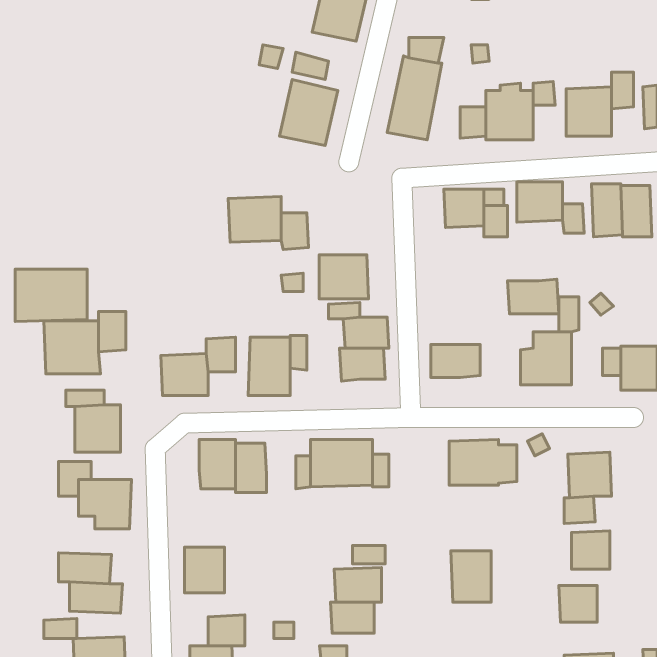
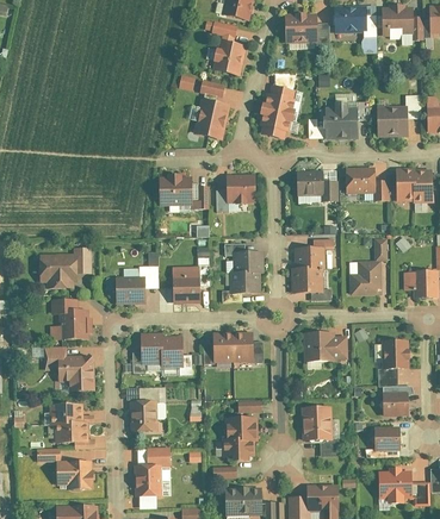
building: [319,255,369,299] -> [228,171,260,200]
building: [15,269,87,322] -> none
building: [508,279,559,314] -> [291,248,324,270]

